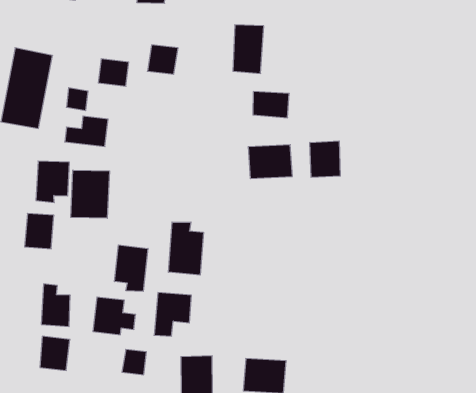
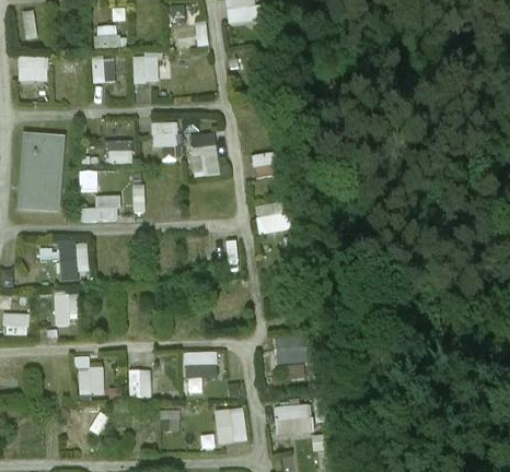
building: [233,25,264,73] -> [188,132,218,178]
building: [310,141,340,177] -> none
building: [71,170,109,218] -> none
building: [168,222,203,275] -> none
building: [114,245,148,291] -> none
building: none -> [274,334,315,378]

